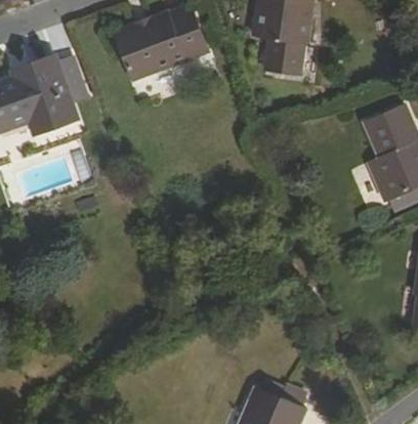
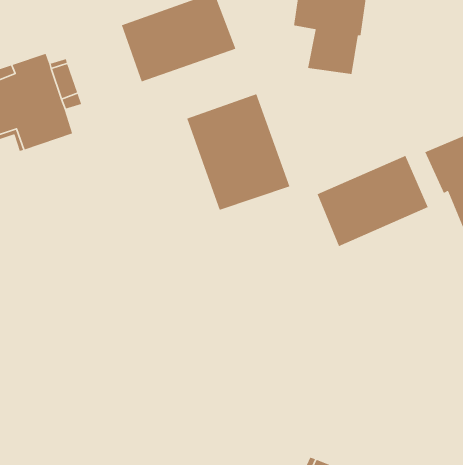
building: none -> [186,93,291,211]
building: none -> [316,155,429,247]

